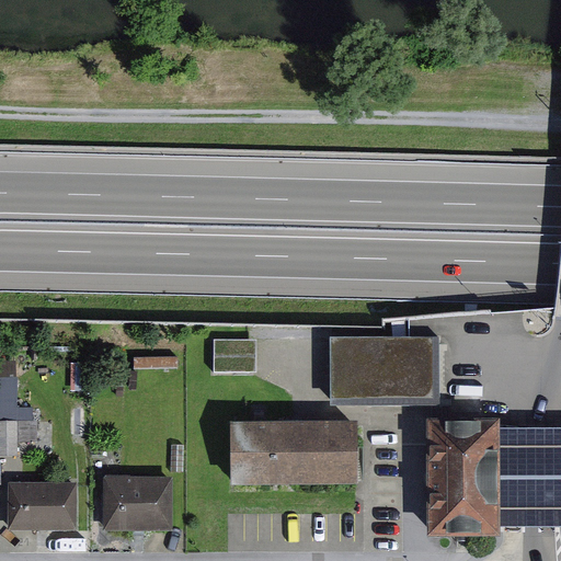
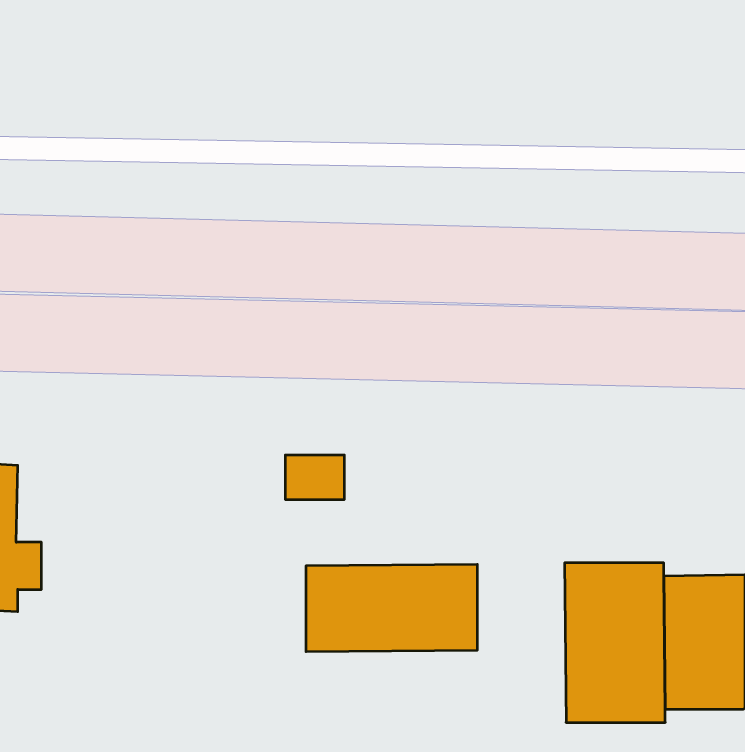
building: [332,335,439,407] -> none
building: [106,474,175,530] -> none
building: [10,481,80,529] -> none

